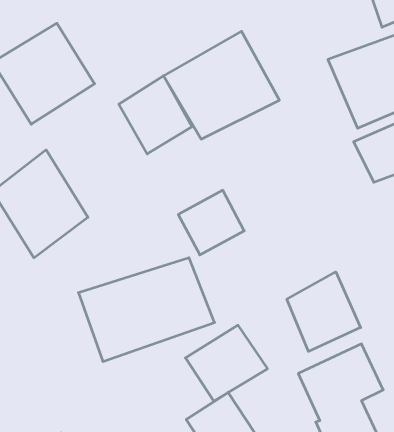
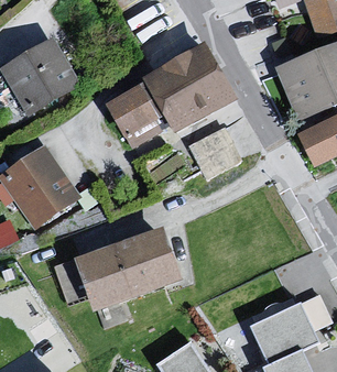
building: [178,190,244,255] -> [188,117,242,169]
building: [287,272,361,351] -> none
building: [185,325,267,401] -> none

